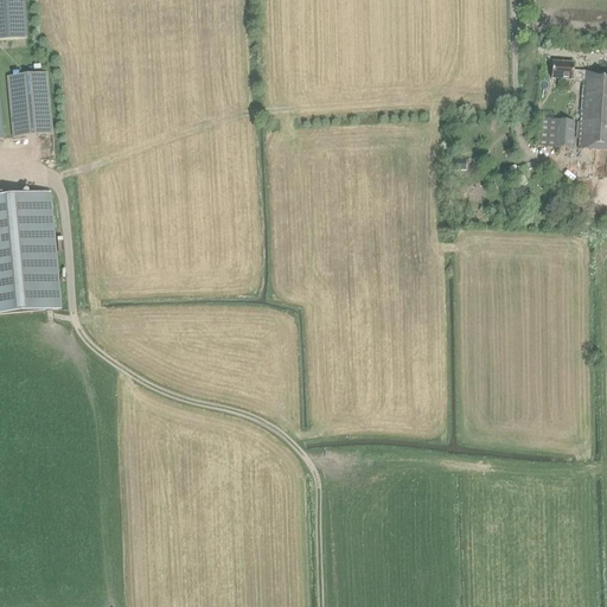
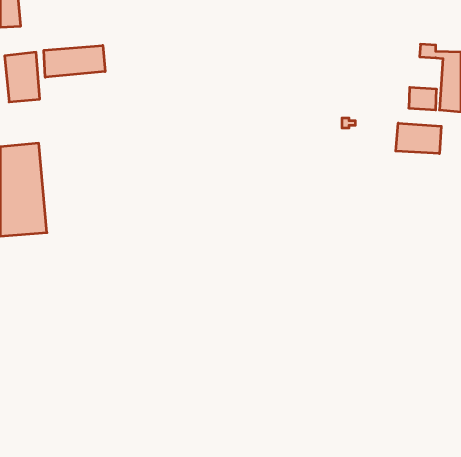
building: none -> [44,45,105,77]
building: none -> [396,123,441,154]

